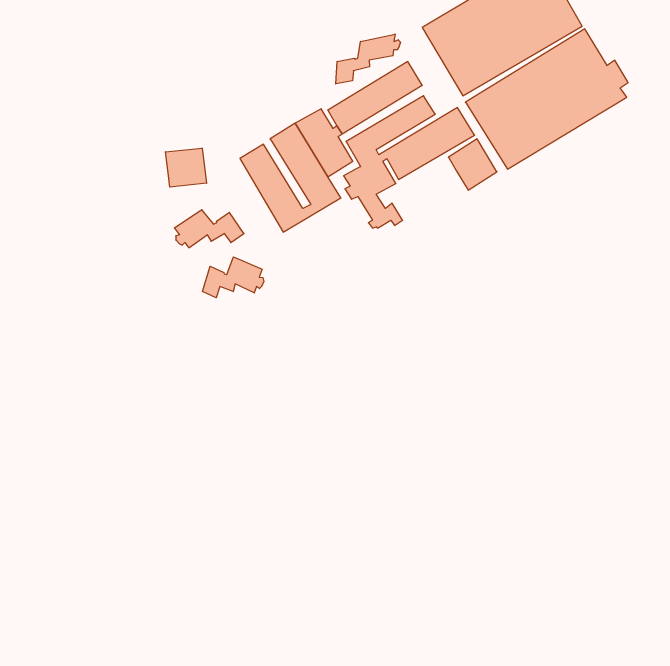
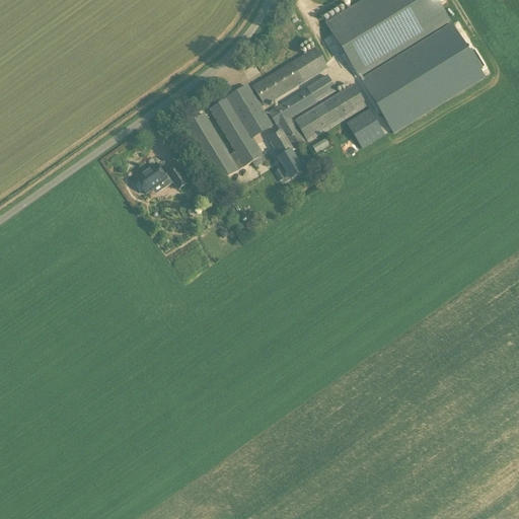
building: [336,34,400,84] -> none
building: [166,148,207,187] -> none
building: [203,257,264,298] -> none

